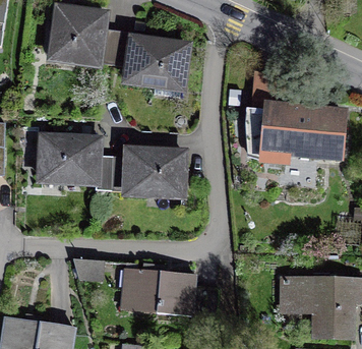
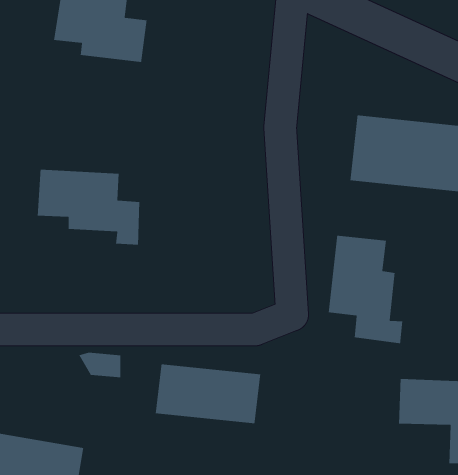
building: [112,34,186,95] -> none
building: [110,150,182,191] -> none
building: none -> [328,235,403,344]

